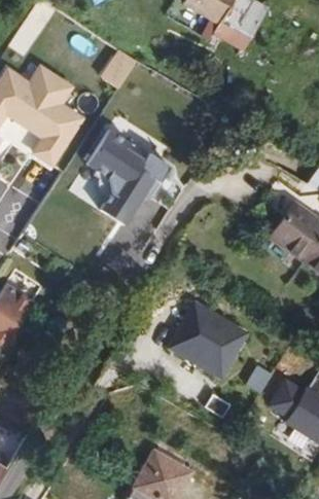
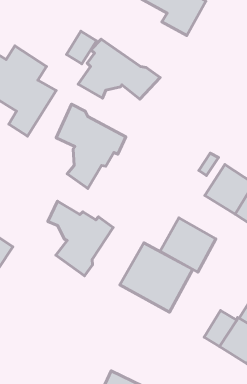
building: none -> [78,39,160,99]
building: none -> [48,201,113,276]
building: none -> [160,218,216,272]

